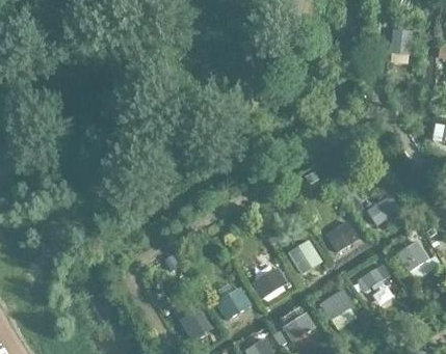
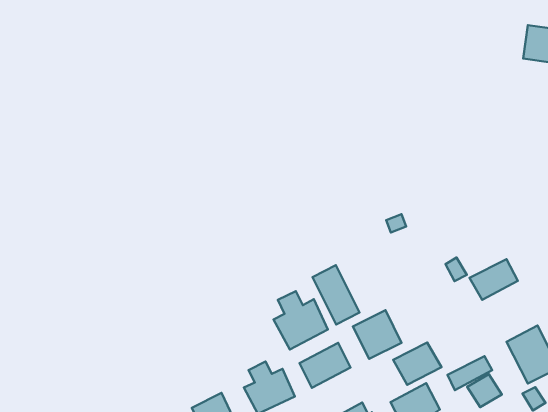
building: none -> [313,265,359,324]
building: [326,217,361,248] -> [393,342,441,385]
building: none -> [274,291,328,349]

